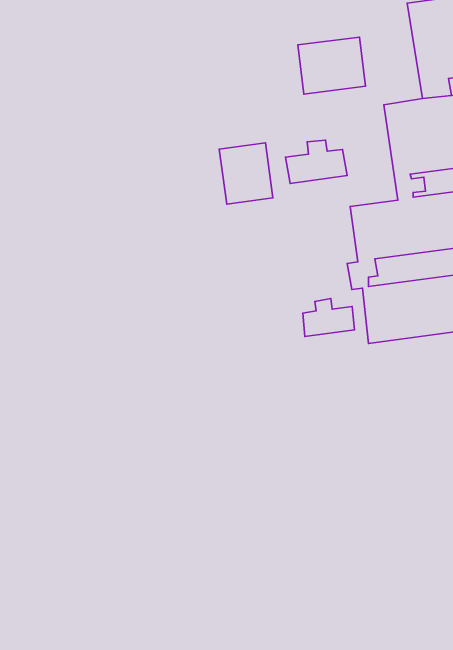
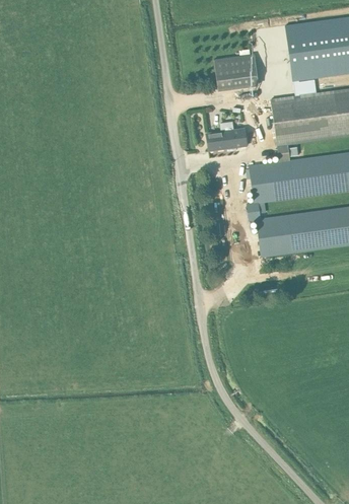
building: [219,143,273,204] -> none
building: [303,299,354,336] -> none

